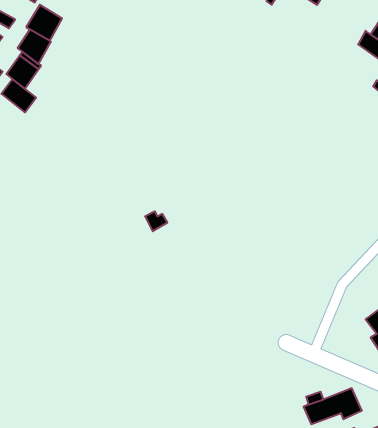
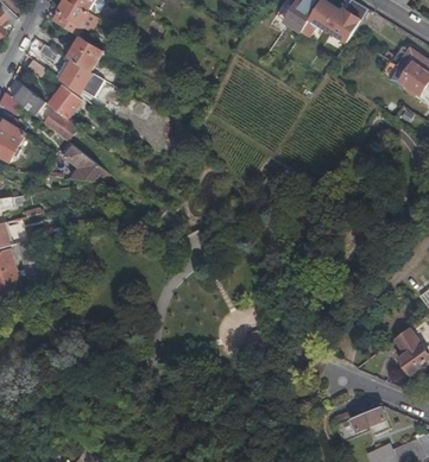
building: none -> [61,144,100,181]

